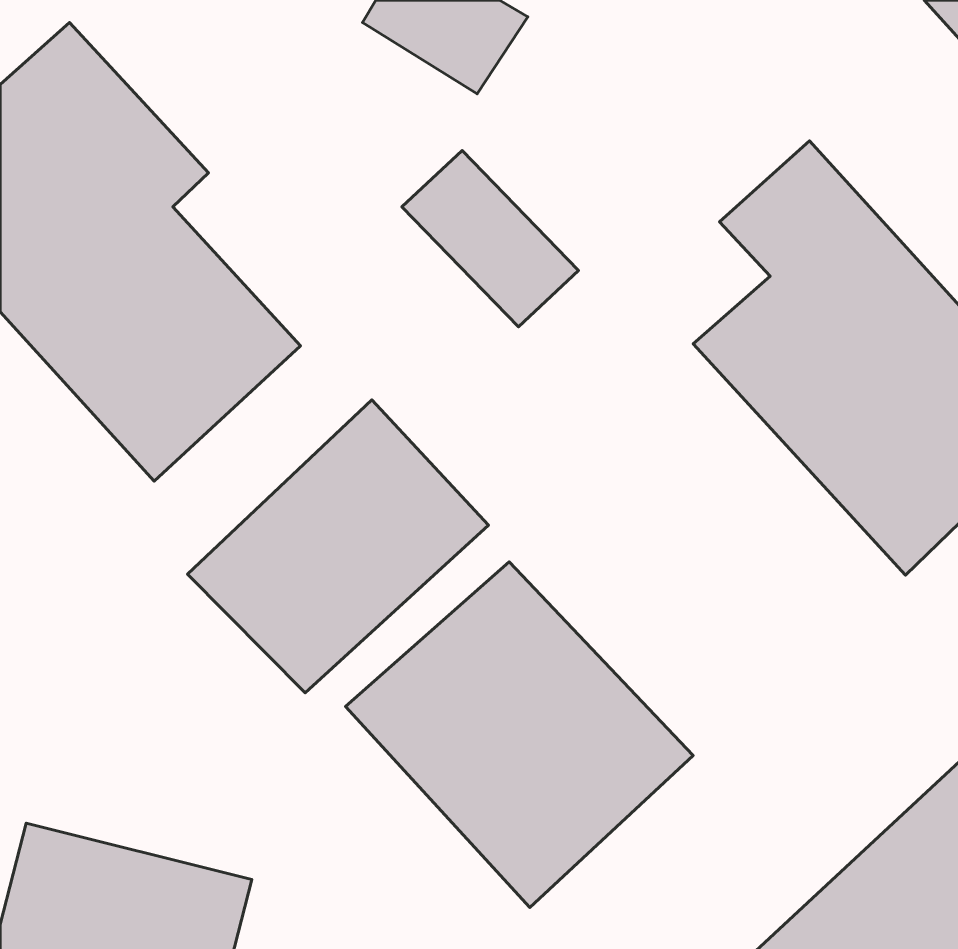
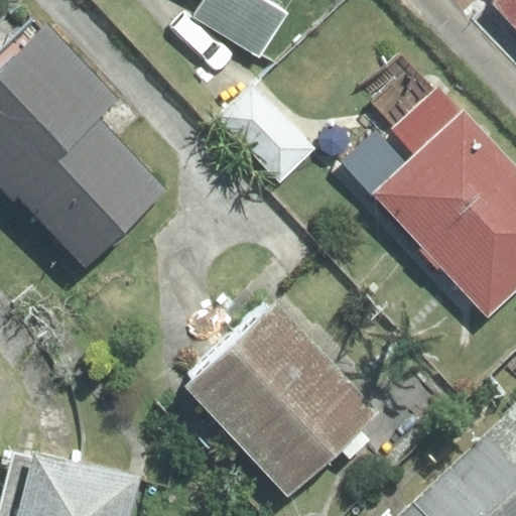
building: [188,400,488,693] -> none

